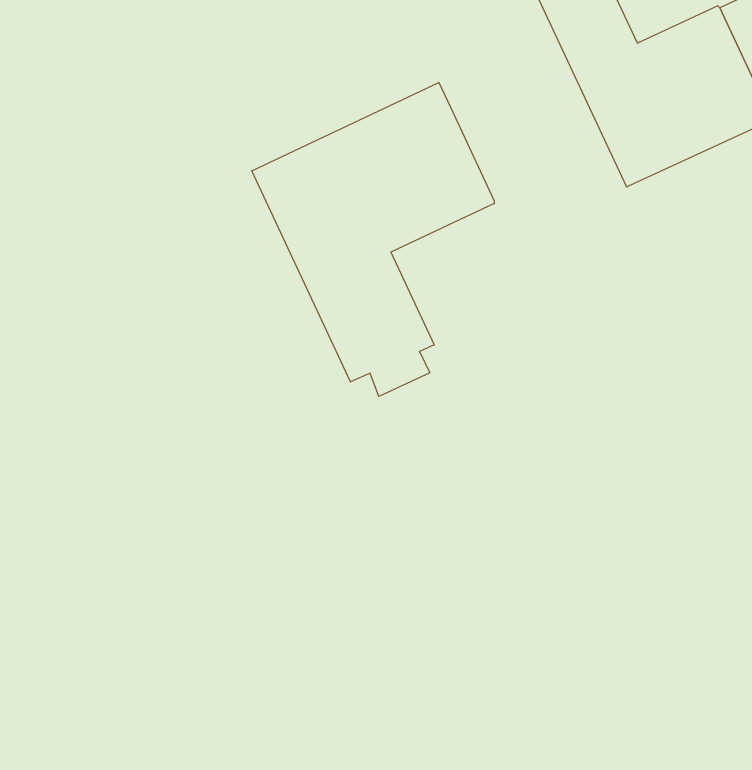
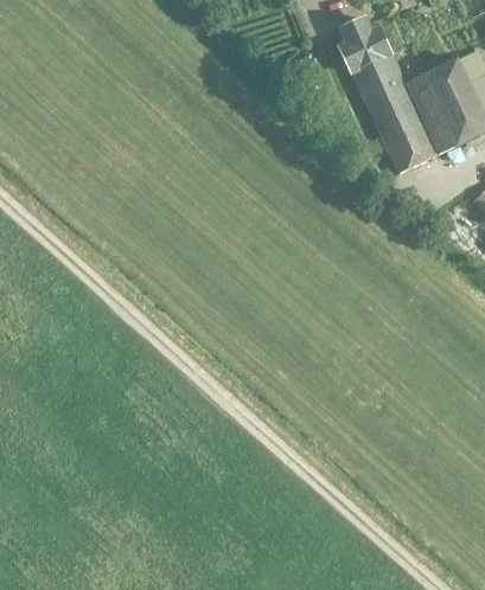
building: [252,82,494,396] -> none

